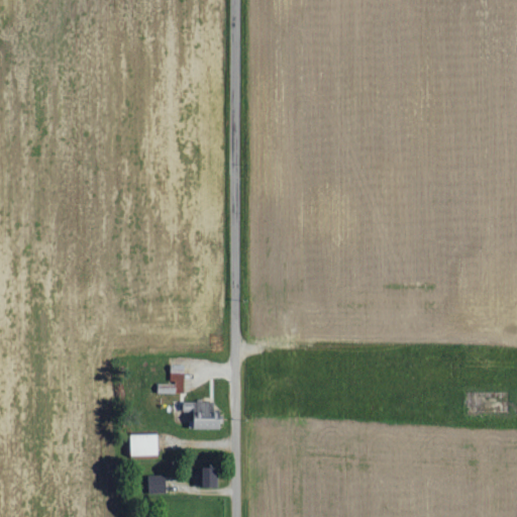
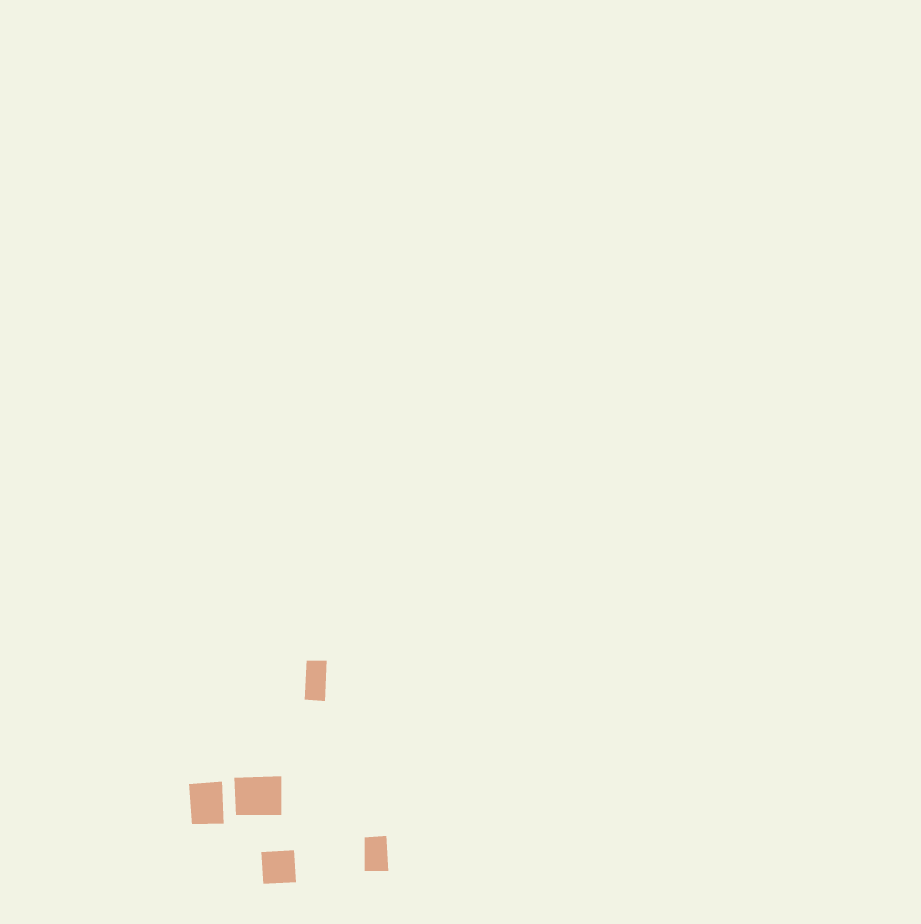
building: [185,401,220,429] -> none
building: none -> [188,781,224,825]

